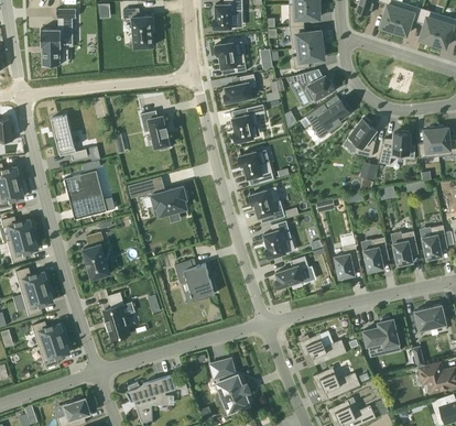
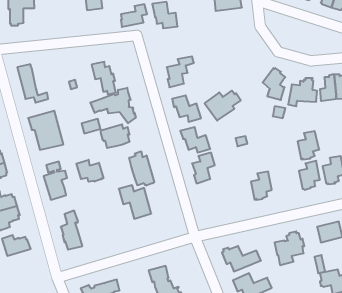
building: [293,44,325,68] -> none
building: [293,72,335,101] -> none
building: [225,74,257,101] -> [121,4,147,27]
building: [306,100,350,136] -> [205,91,241,121]
building: none -> [90,88,136,123]
building: none -> [129,151,154,186]
building: none -> [76,160,103,182]
building: [363,237,390,271] -> [298,131,319,159]
building: [275,254,308,287] -> none
building: [39,337,70,367] -> none

